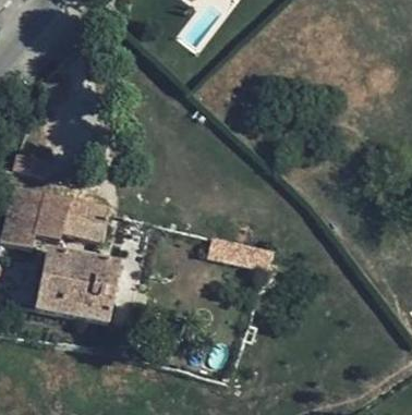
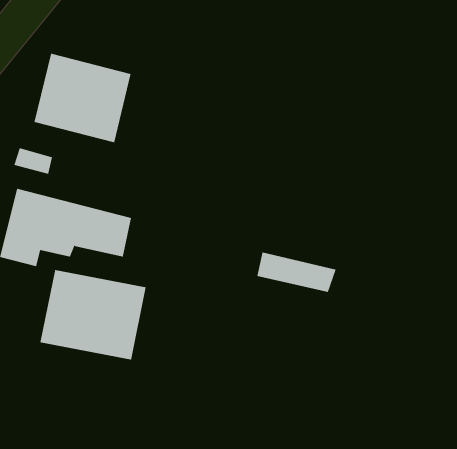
building: none -> [34,53,131,143]

